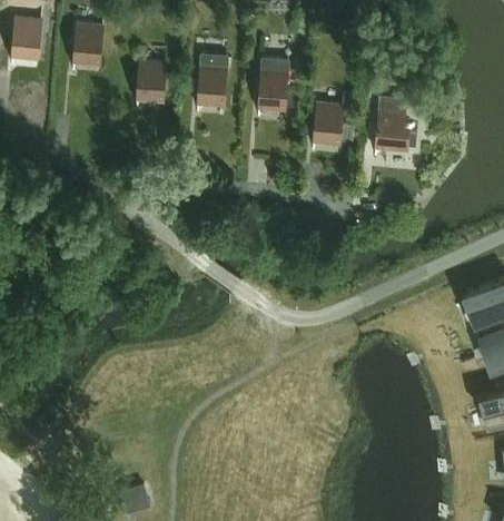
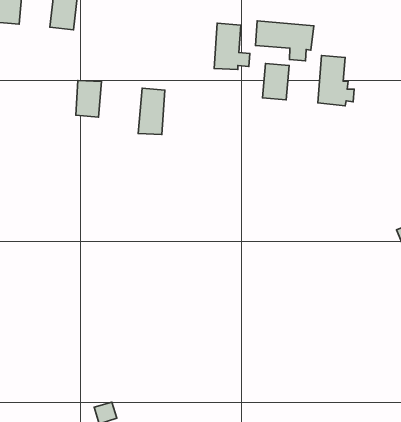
building: [197,55,227,107] -> [138,88,165,134]
building: none -> [256,21,314,61]
building: [137,62,166,104] -> [76,81,102,117]

